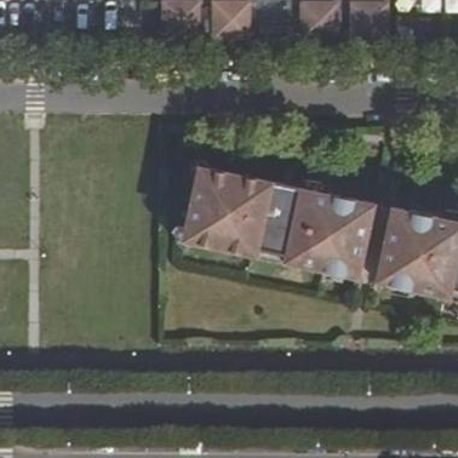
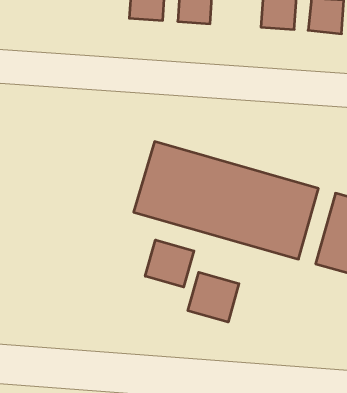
building: none -> [145,240,194,287]
building: none -> [188,272,239,322]

